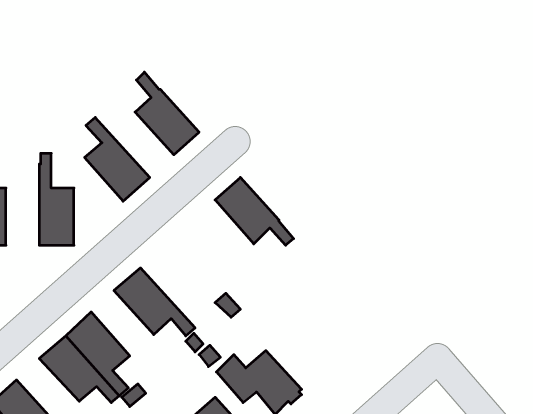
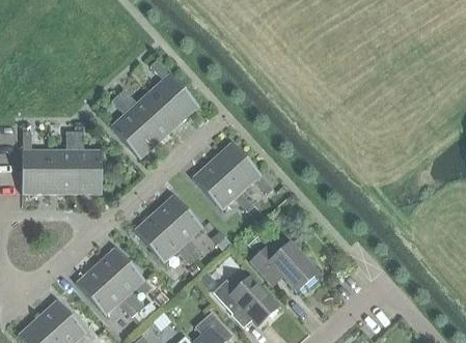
building: none -> [118,88,180,141]
building: none -> [49,131,75,194]
building: none -> [192,159,254,211]
building: none -> [154,194,203,258]
building: none -> [251,242,317,291]

